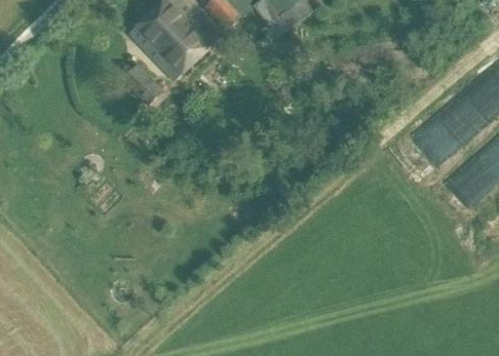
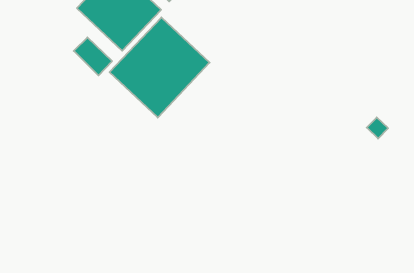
building: none -> [110,17,210,118]

